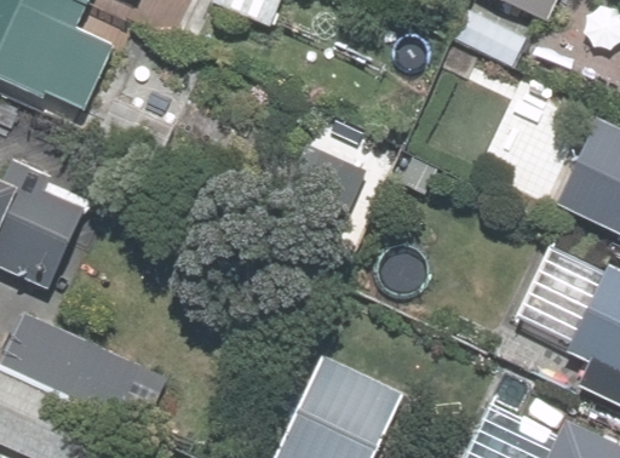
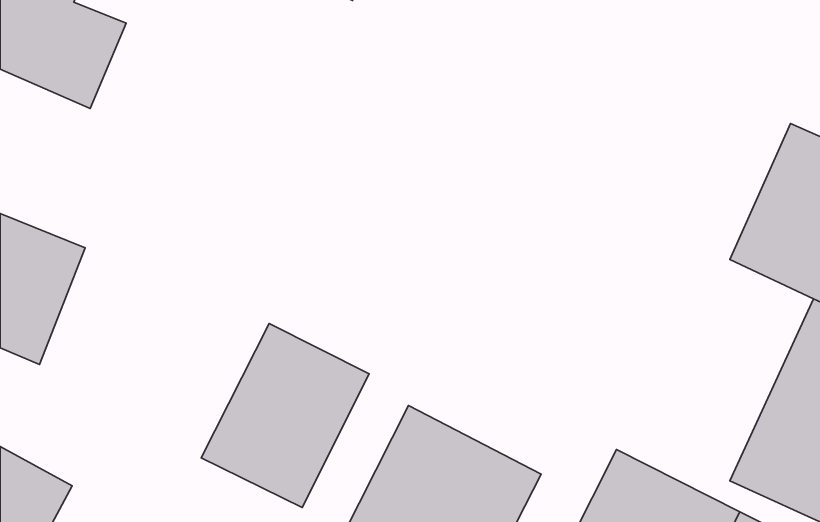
building: none -> [201,323,369,508]

